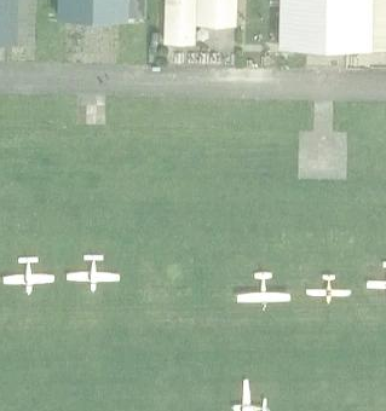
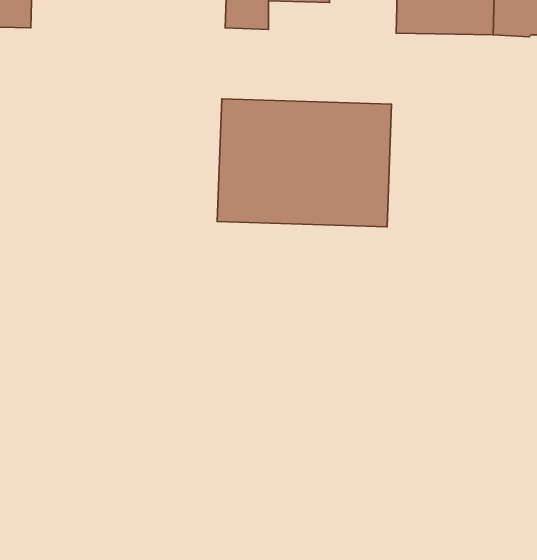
building: none -> [217,99,392,227]

